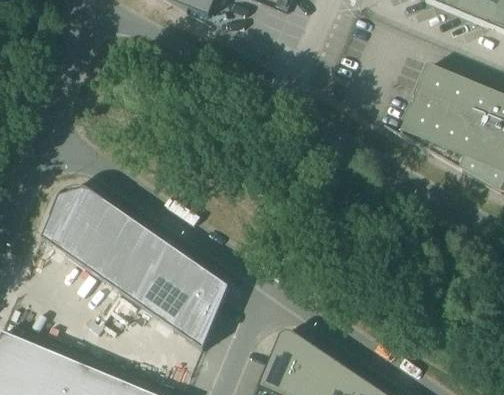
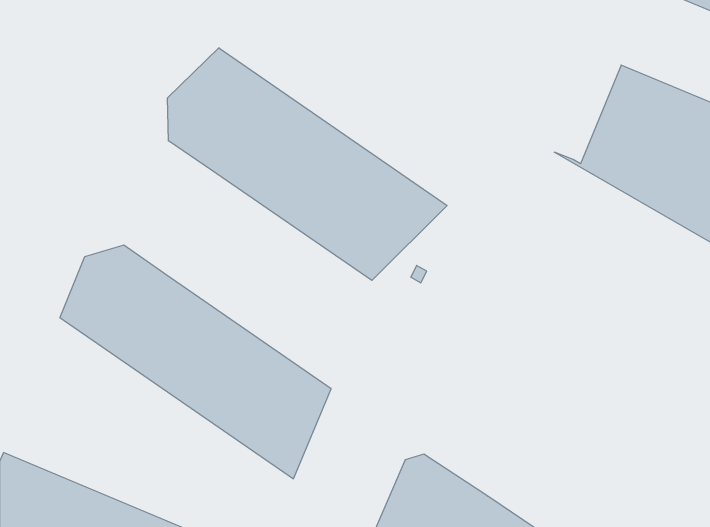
building: none -> [168,48,447,280]

